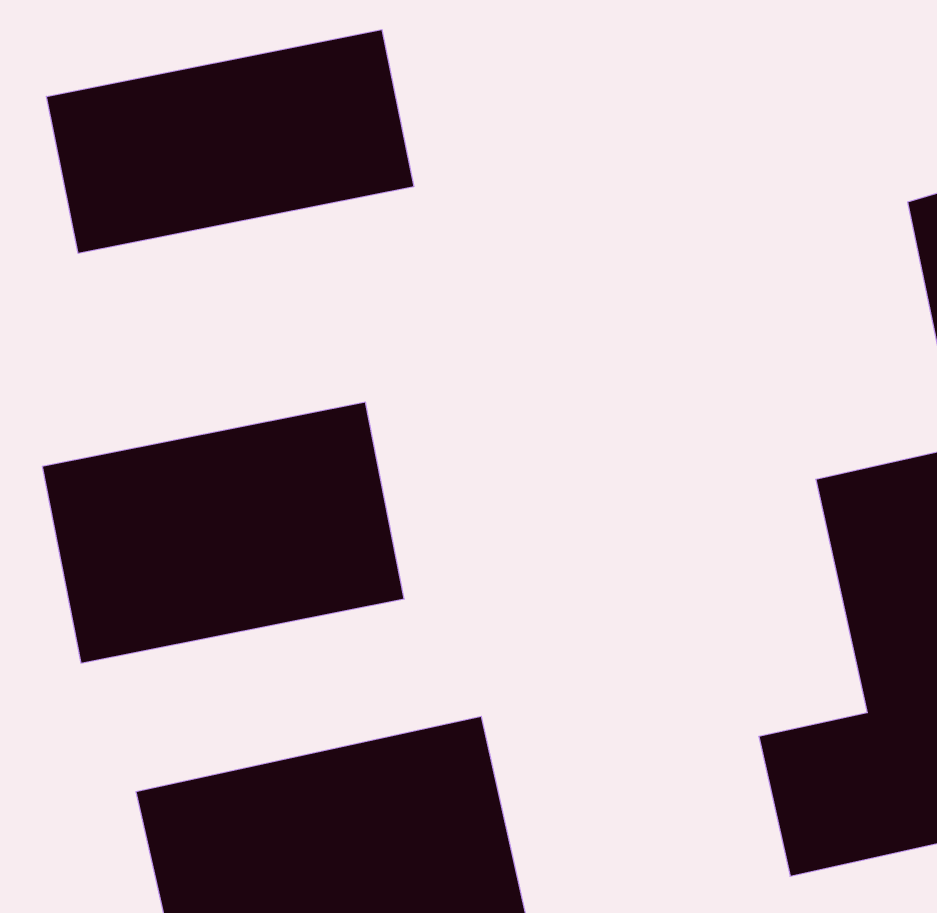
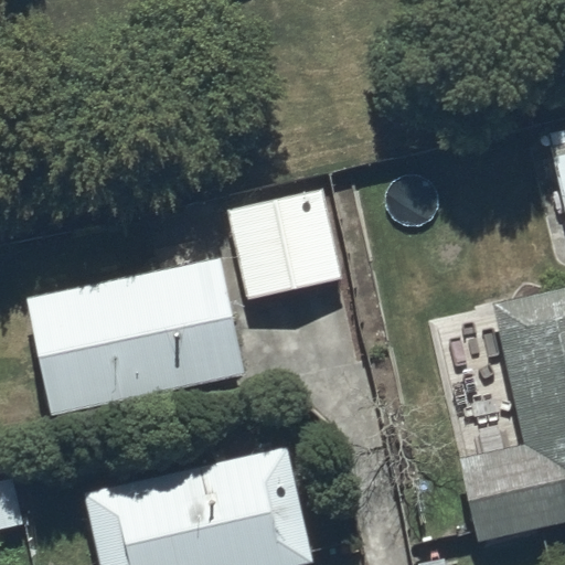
building: [46,30,414,253] -> none
building: none -> [231,196,341,301]

